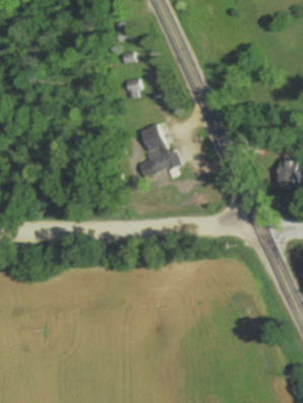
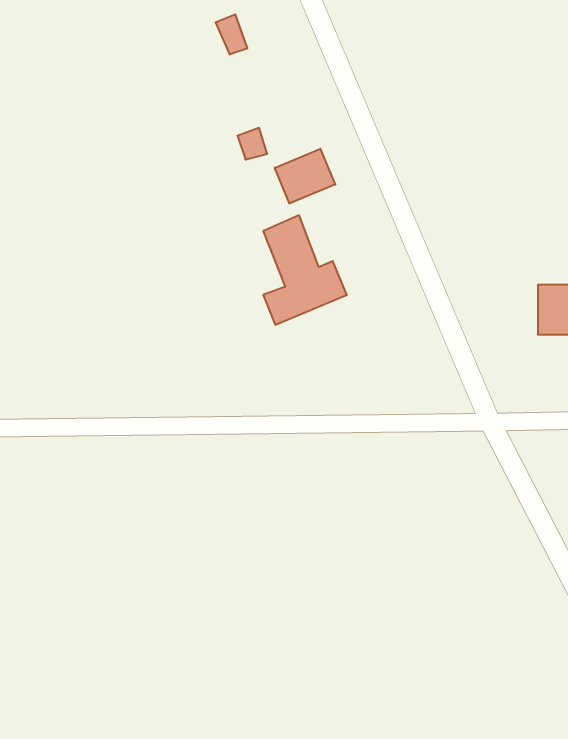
building: none -> [275,149,335,204]

